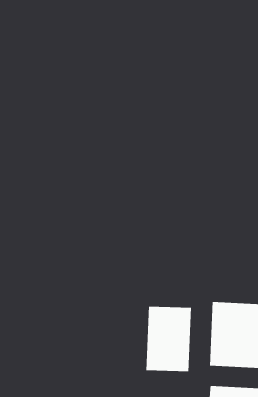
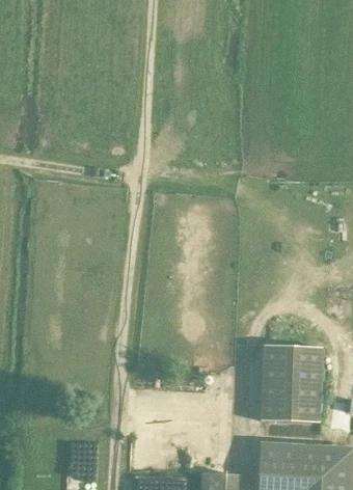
building: [145,306,192,372] -> none

